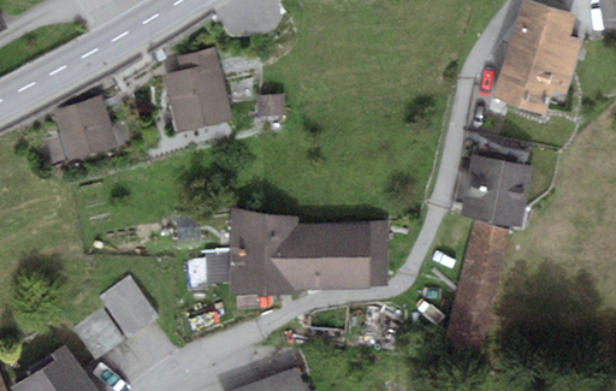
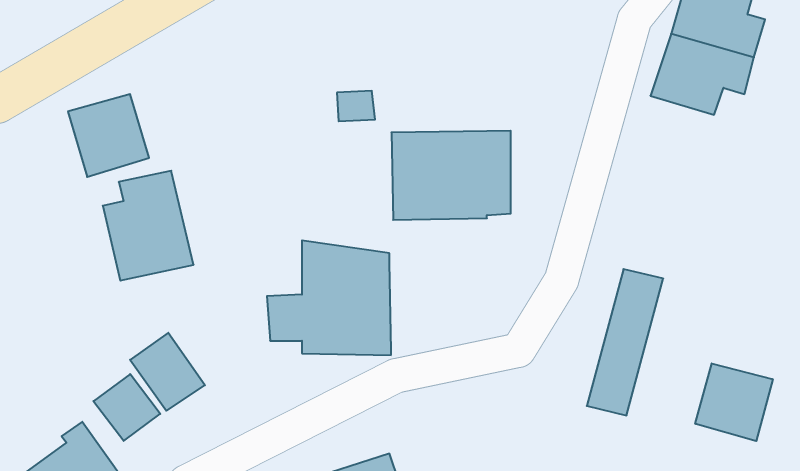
building: [165,47,233,130] -> [103,171,194,281]
building: [460,155,533,226] -> none
building: [297,223,387,290] -> [391,131,511,220]
building: none -> [695,363,773,441]

